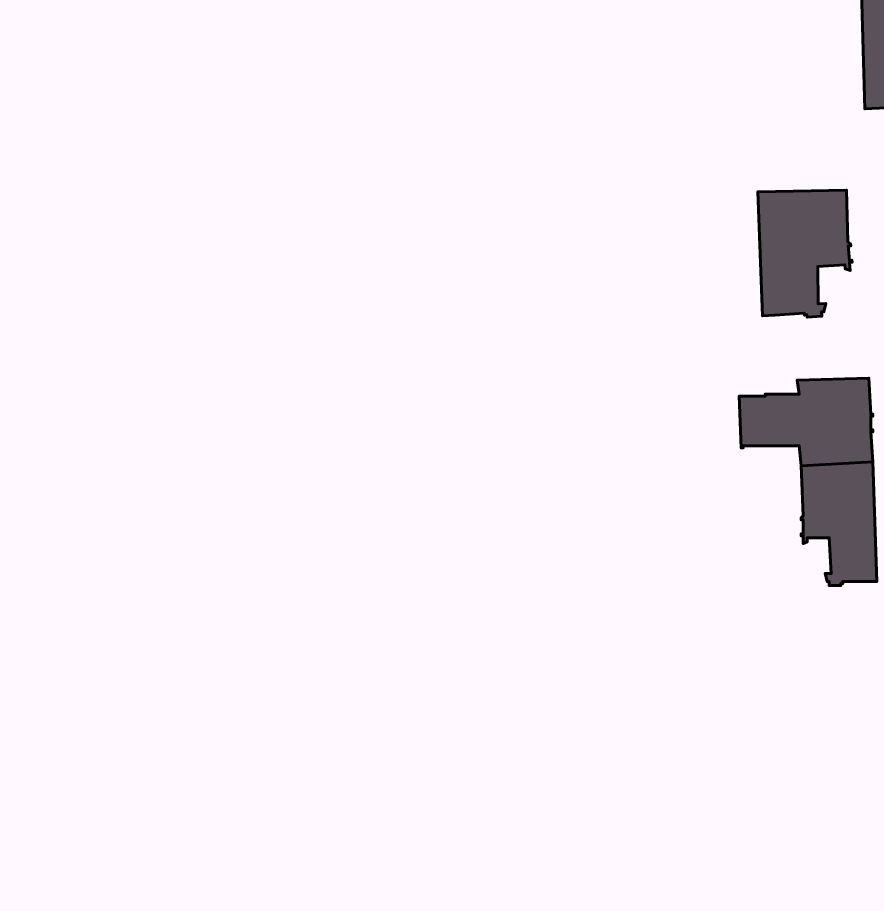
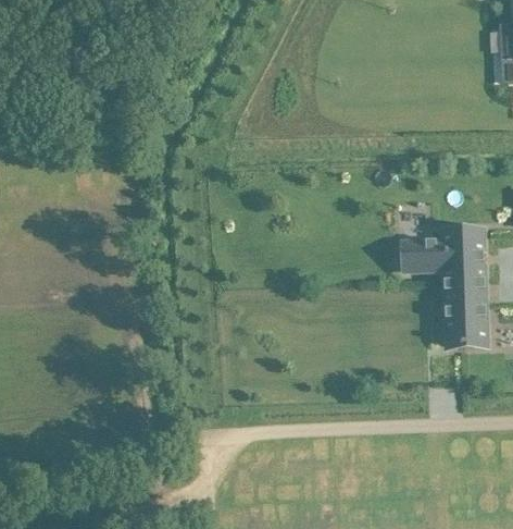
building: [758,190,852,317] -> none

